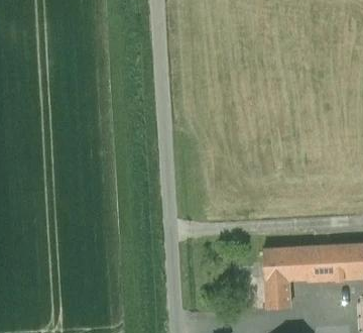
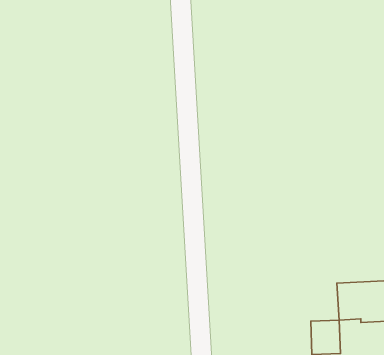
building: [263,249,289,282] -> none

